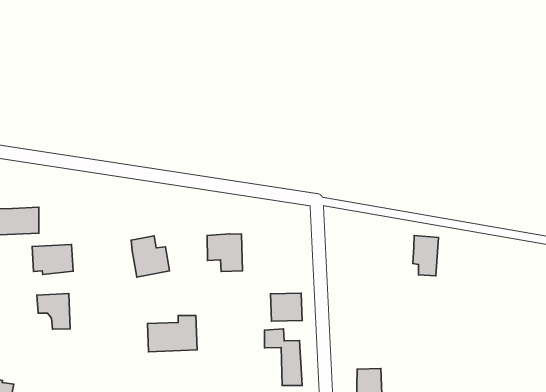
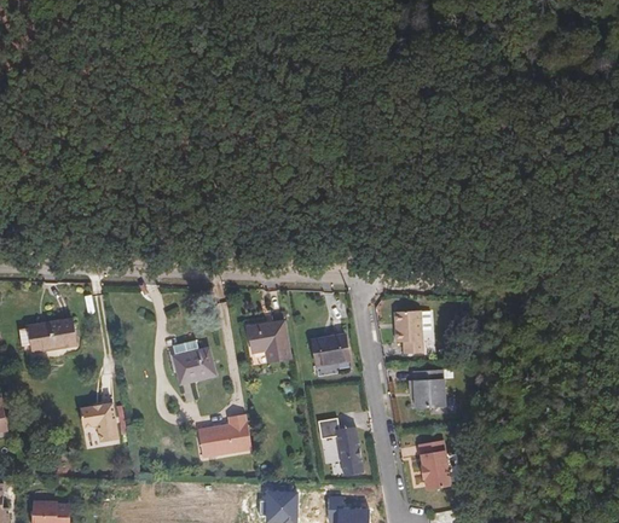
building: [413,236,439,276] -> [395,313,423,354]
building: [32,245,73,275] -> none
building: [270,293,302,321] -> [316,336,352,368]
building: none -> [409,371,445,408]

